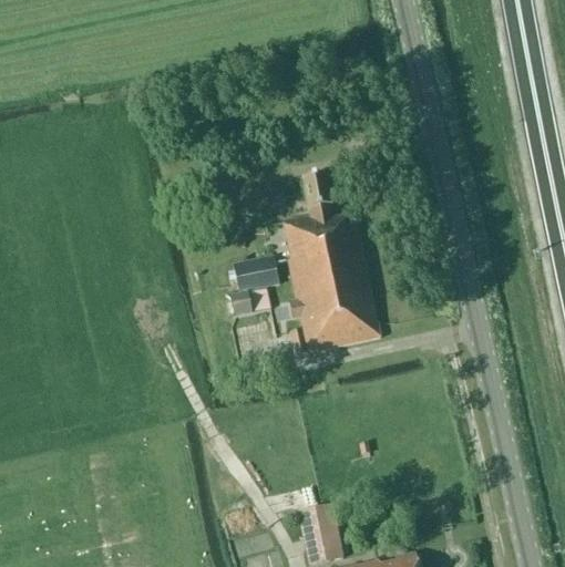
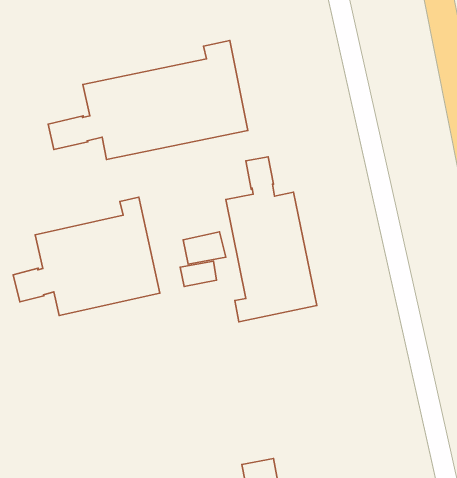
building: none -> [48,41,248,159]
building: none -> [13,197,160,316]

